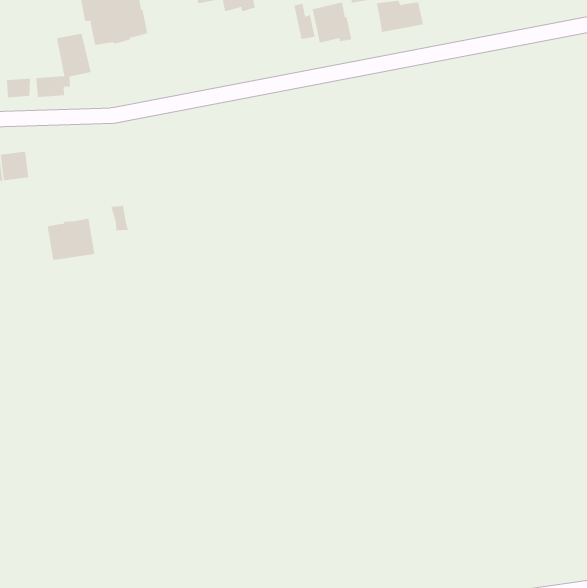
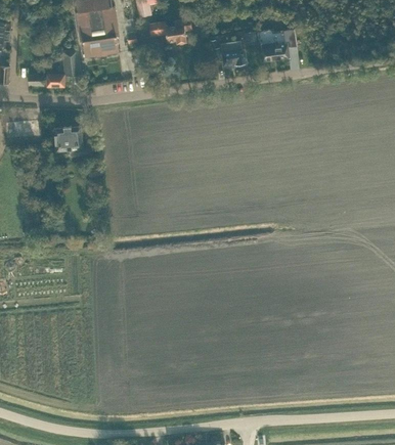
building: [47,218,95,260] -> [52,127,81,151]

